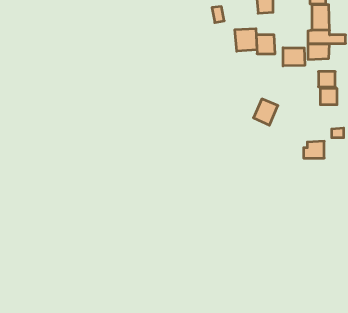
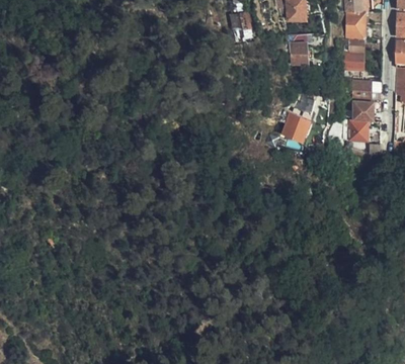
building: [235,29,257,51] -> none
building: [283,48,305,66] -> none
building: [304,141,324,158] -> [345,122,368,141]

